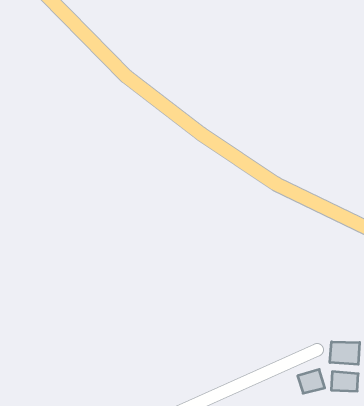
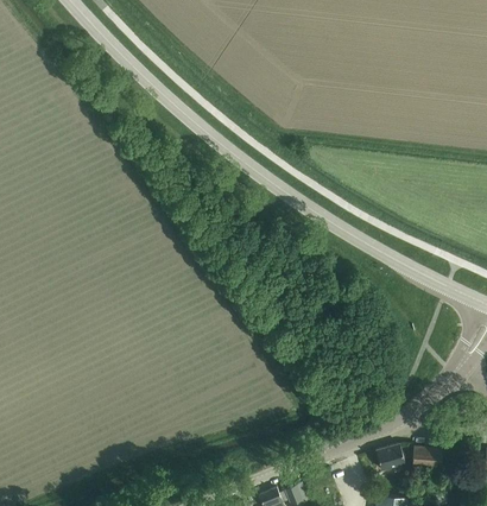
building: [330,342,360,364] -> none

